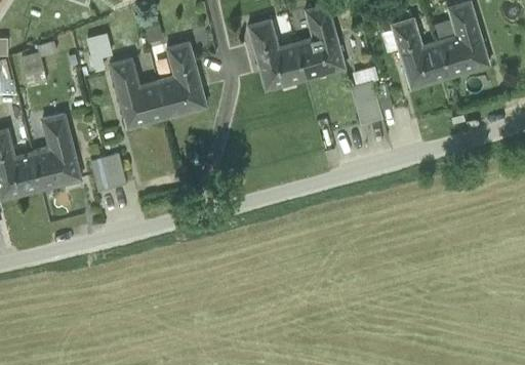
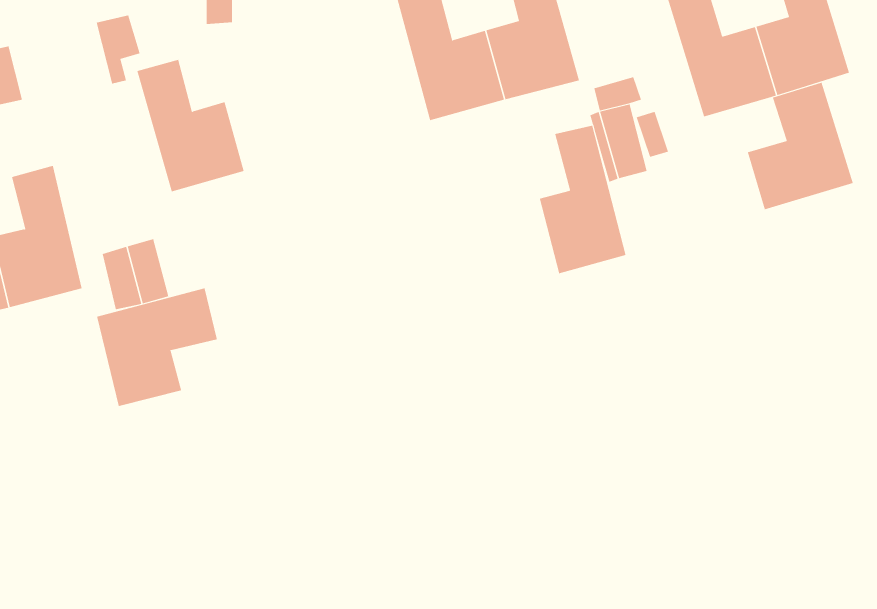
building: [156,42,206,117] -> none
building: none -> [747,82,854,210]
building: none -> [539,125,626,274]
building: none -> [96,287,217,407]

